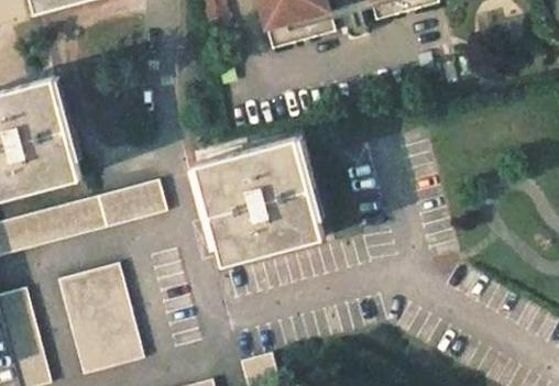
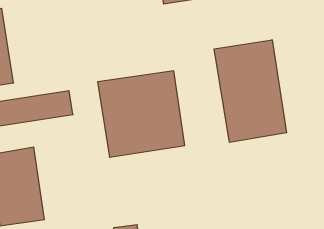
building: none -> [214,40,287,142]

